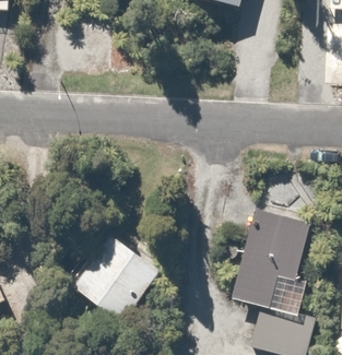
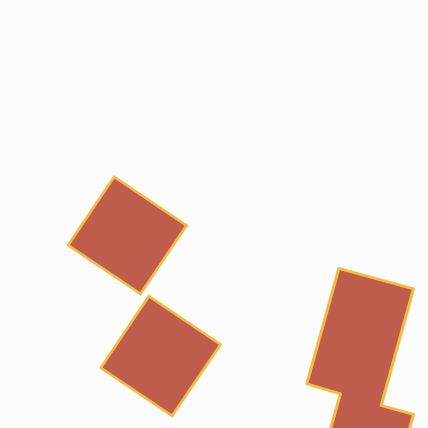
building: none -> [68,177,187,294]

